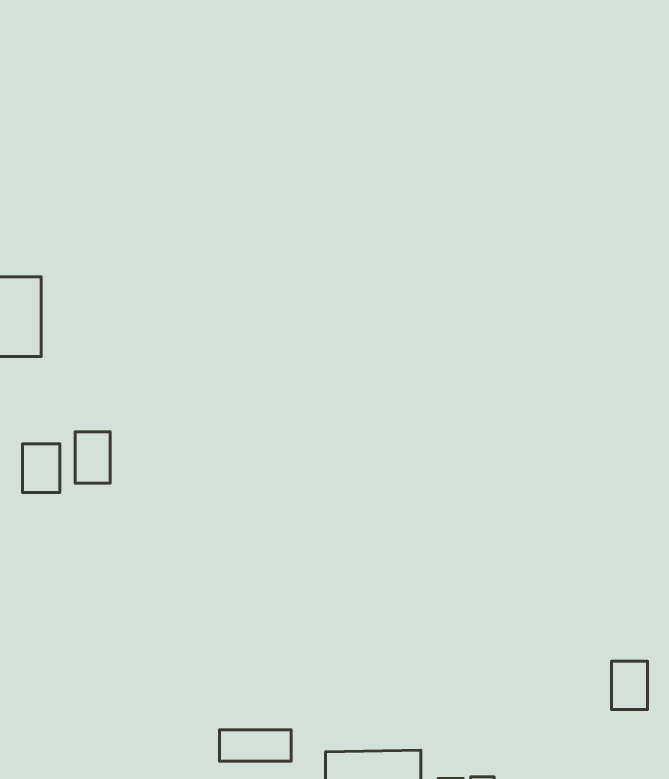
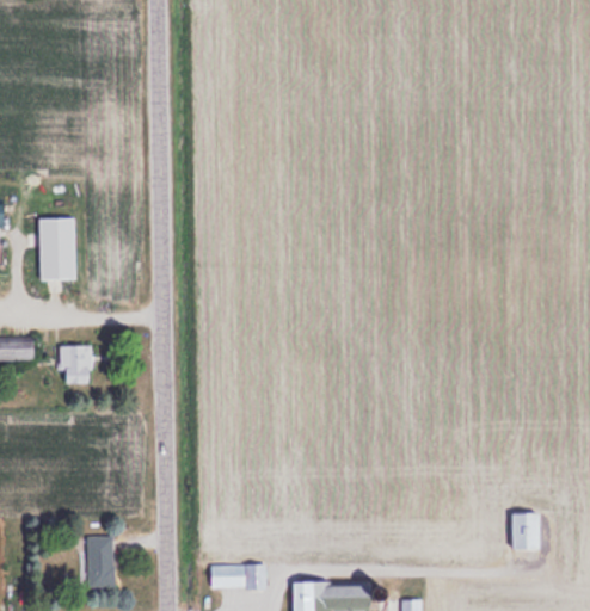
building: [75,432,110,483] -> none
building: none -> [87,537,116,588]

